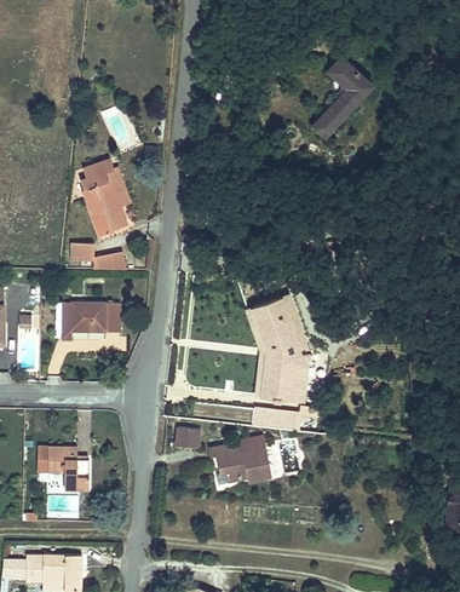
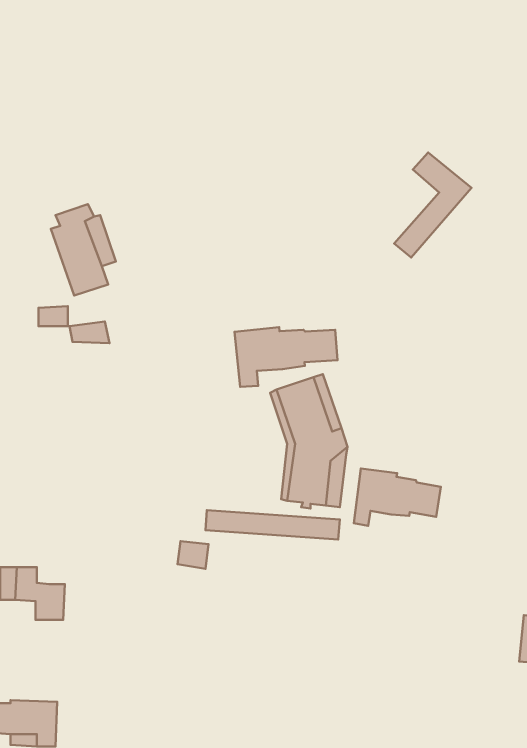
building: [314,56,374,138] -> [394,152,472,257]
building: none -> [235,327,337,387]
building: [59,305,132,333] -> none
building: none -> [354,468,441,526]
building: [208,441,270,483] -> none

